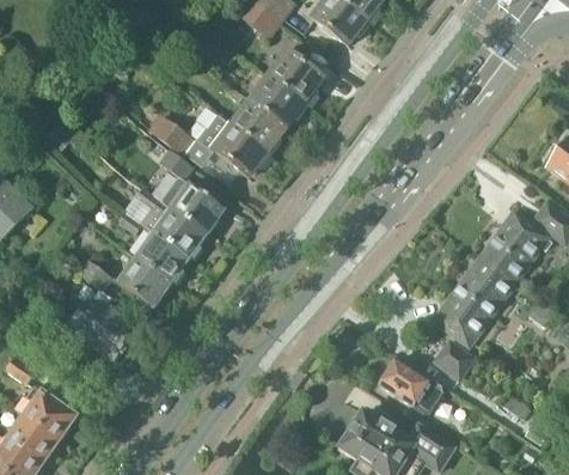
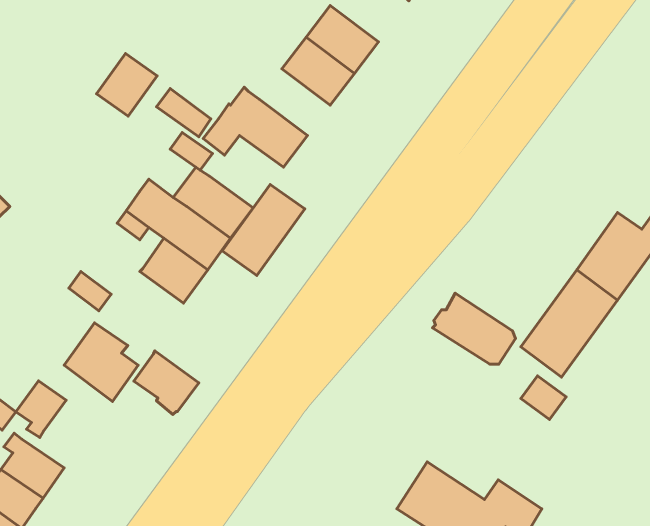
building: none -> [96,53,157,116]
building: [231,97,287,150] -> none
building: none -> [222,184,305,275]
building: [120,257,171,307] -> [134,351,199,414]
building: none -> [16,381,66,438]
building: [379,354,445,410] -> [432,293,516,364]

